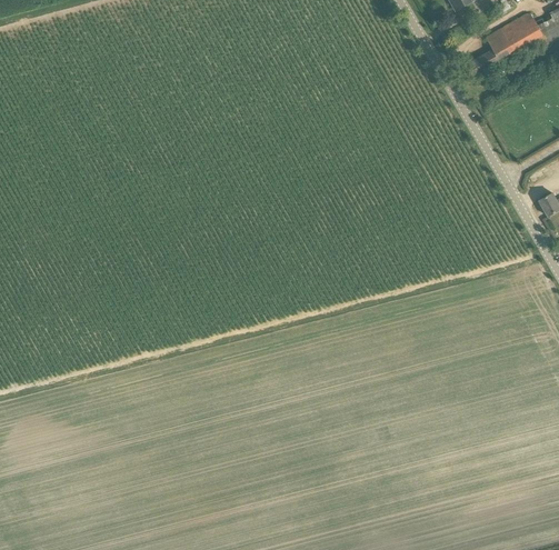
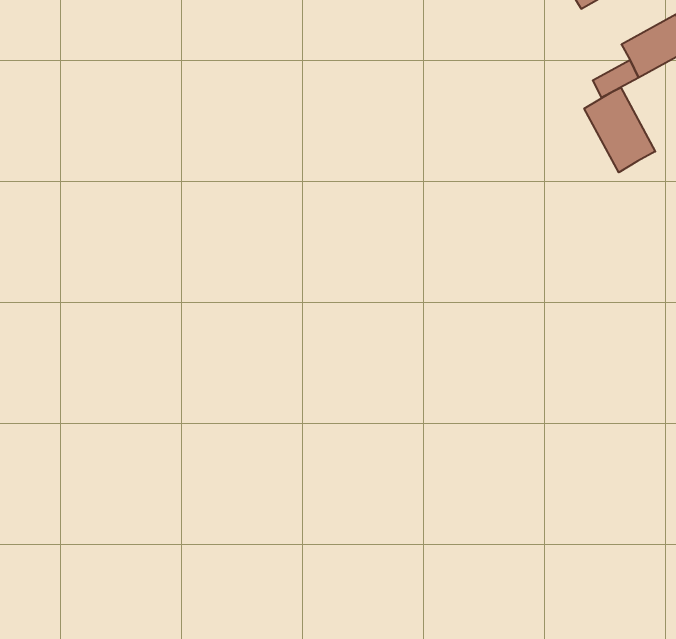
building: none -> [584,88,655,172]

